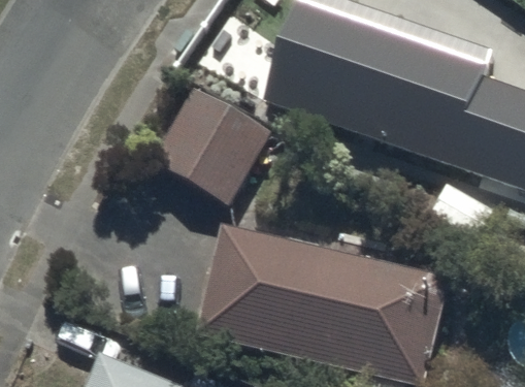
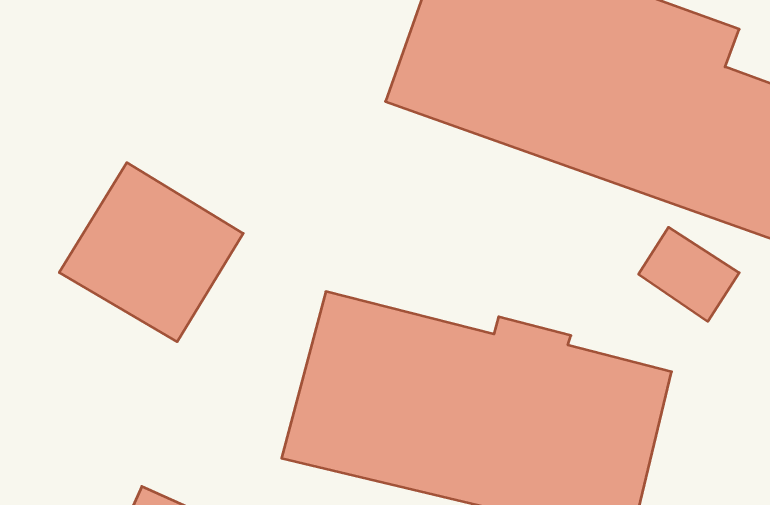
building: [150,87,270,204] -> [59,163,243,342]

